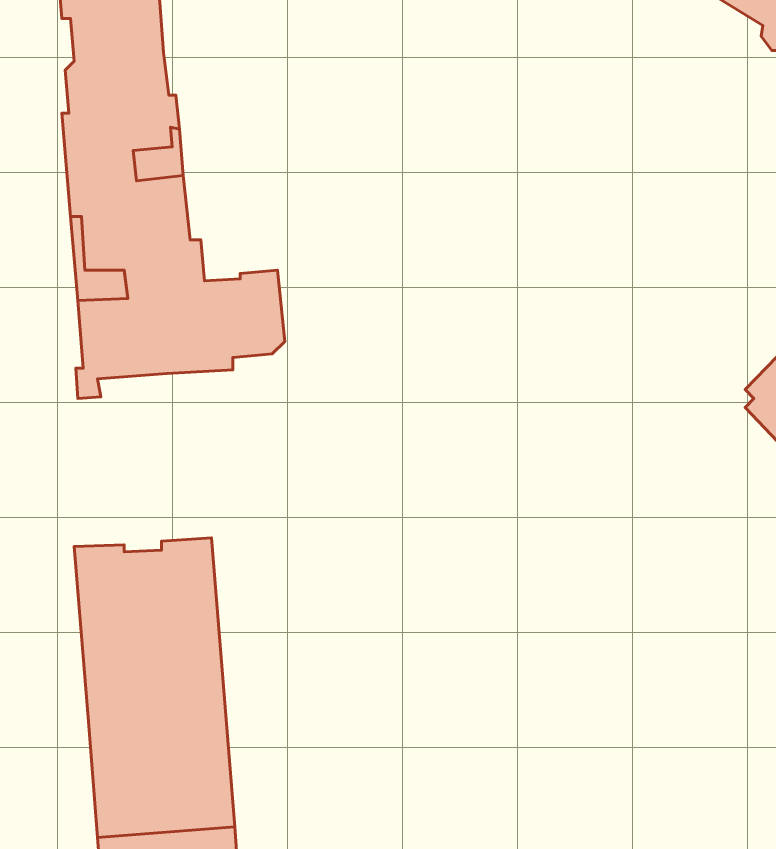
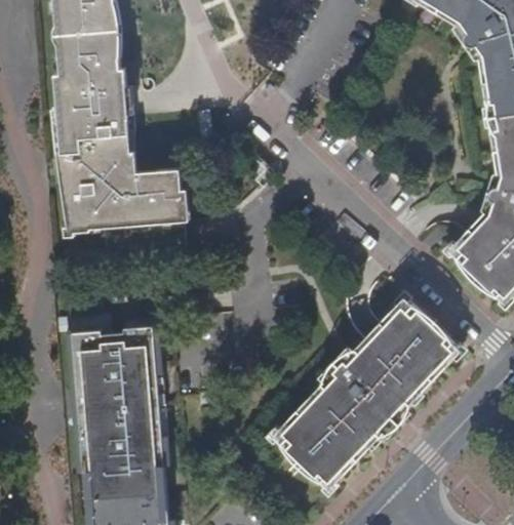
building: none -> [270,293,461,489]

